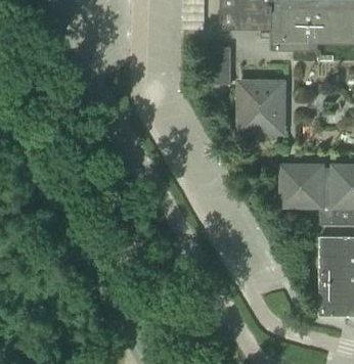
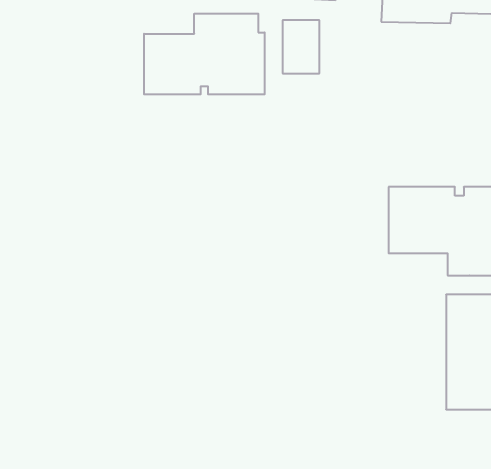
building: none -> [144,14,265,94]
building: [234,78,286,135] -> none

